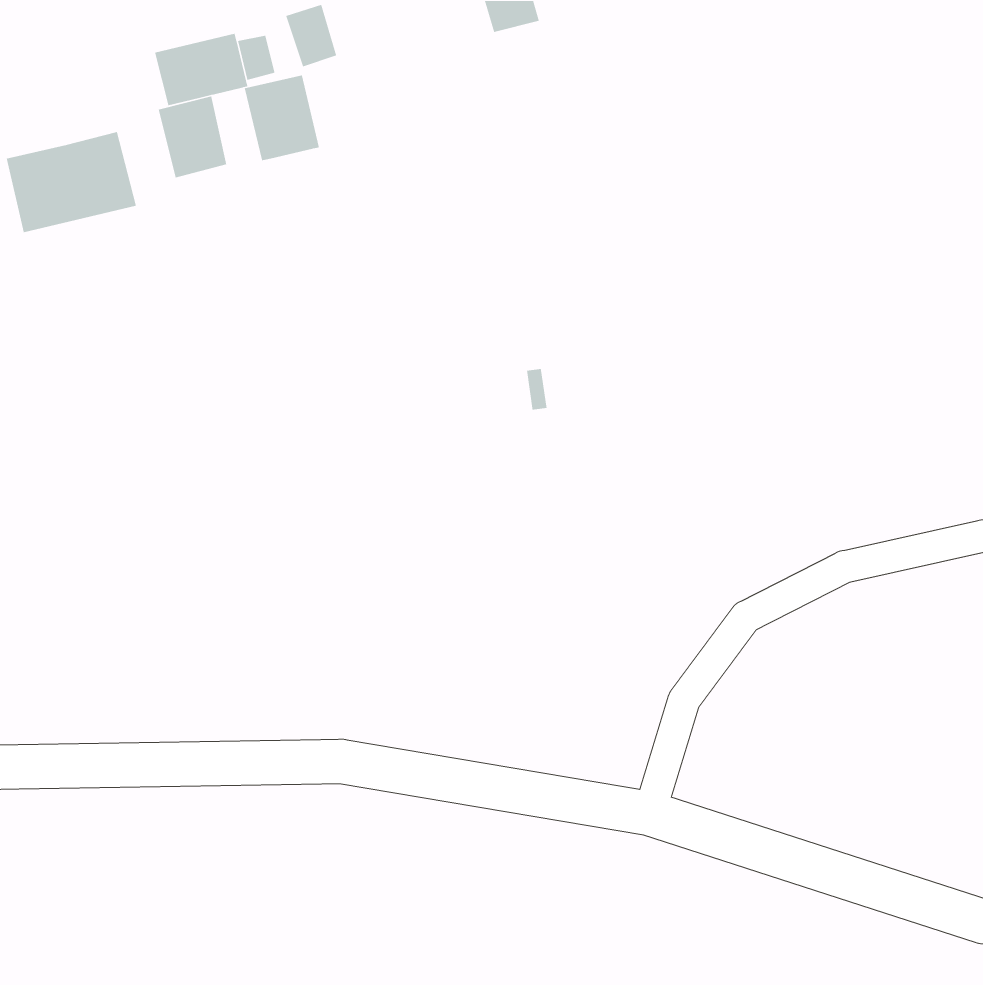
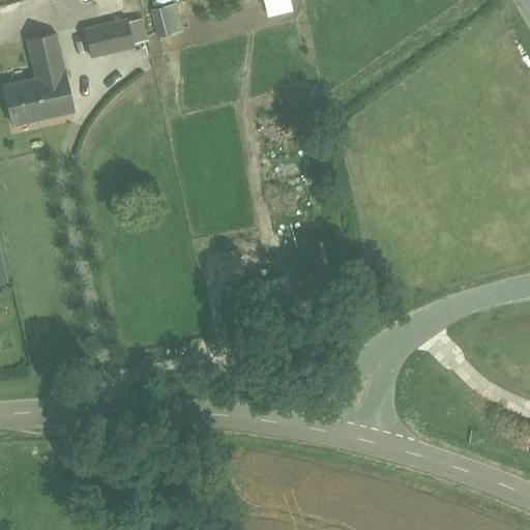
building: [244,75,320,161] -> none
building: [158,96,227,178] -> [26,33,63,78]

